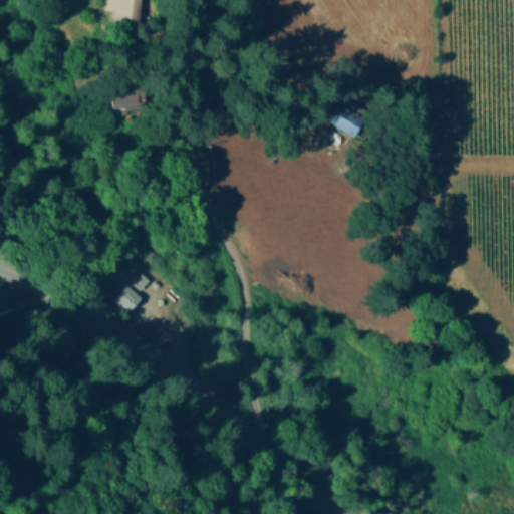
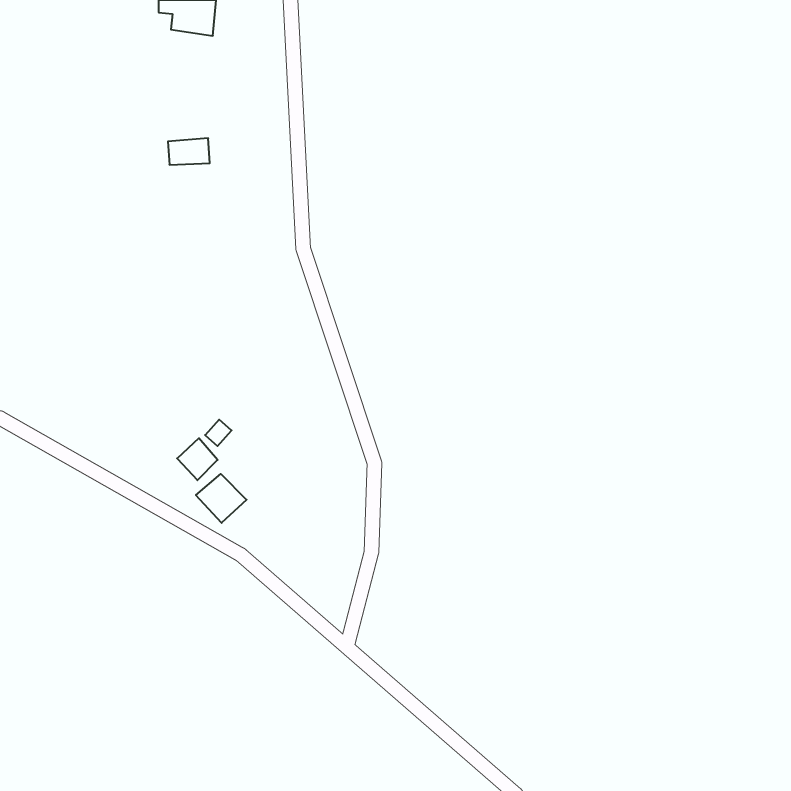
building: [332,106,358,138] -> none
building: none -> [196,474,247,523]

